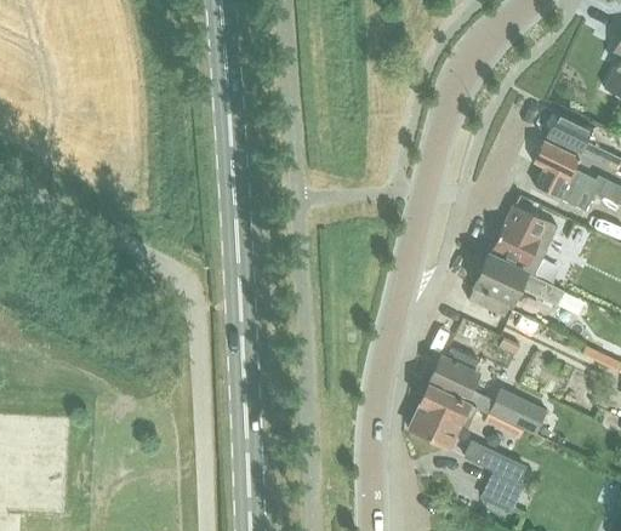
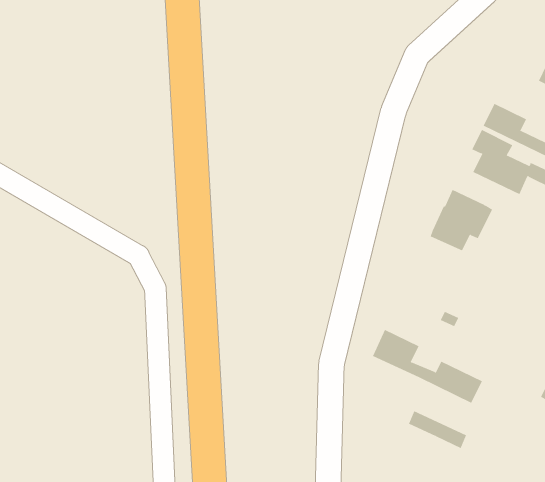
building: [468,255,563,316] -> none
building: [409,384,477,449] -> none
building: [482,470,525,514] -> none

